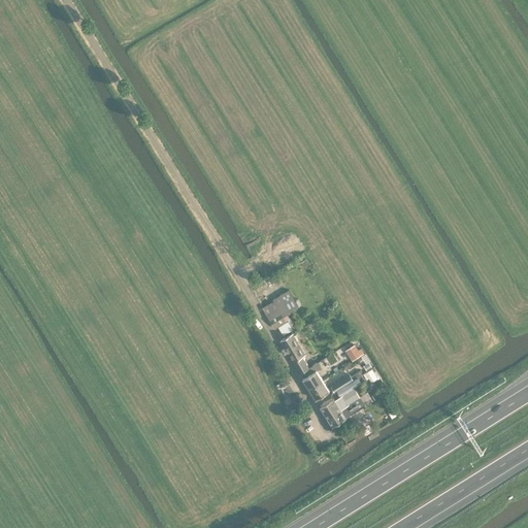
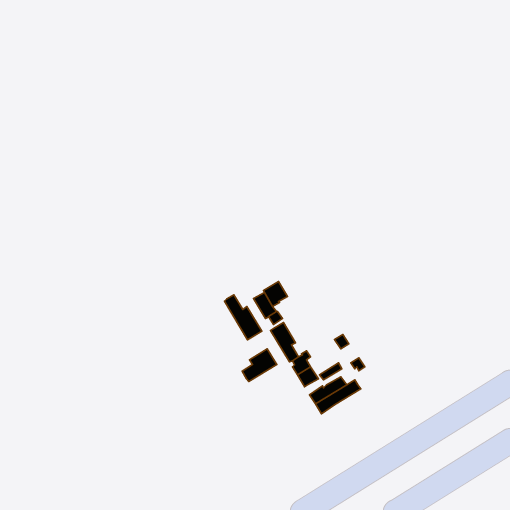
building: none -> [224,295,262,340]
building: none -> [242,349,277,382]

